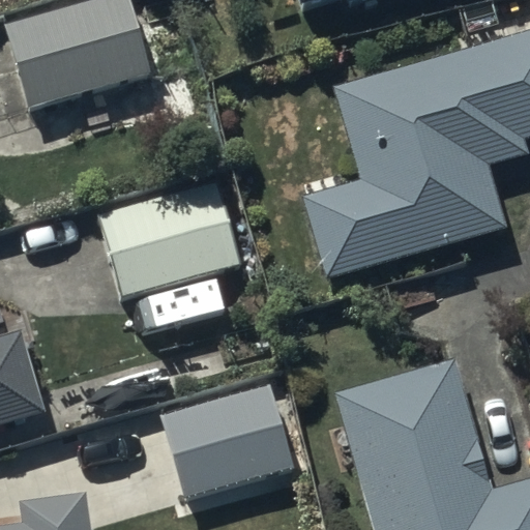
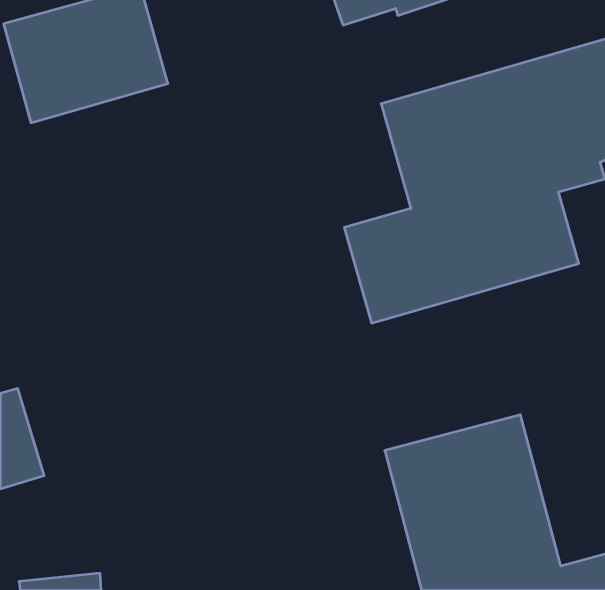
building: [100,182,241,296] -> none
building: [160,382,296,497] -> none

